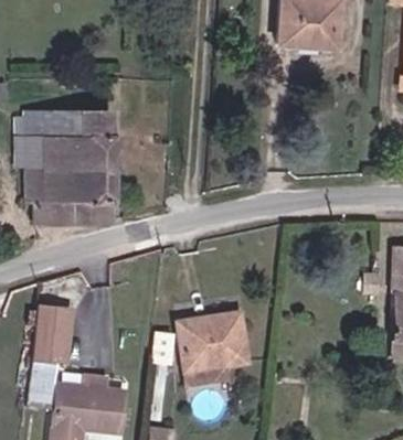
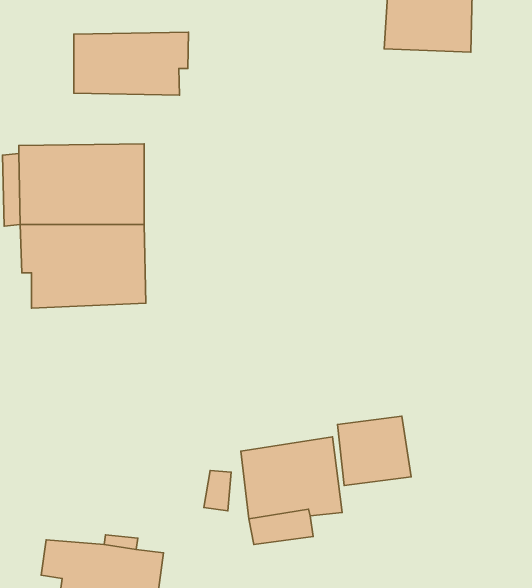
building: none -> [74,32,188,95]
building: none -> [337,416,411,486]
building: [31,305,70,364] -> none

